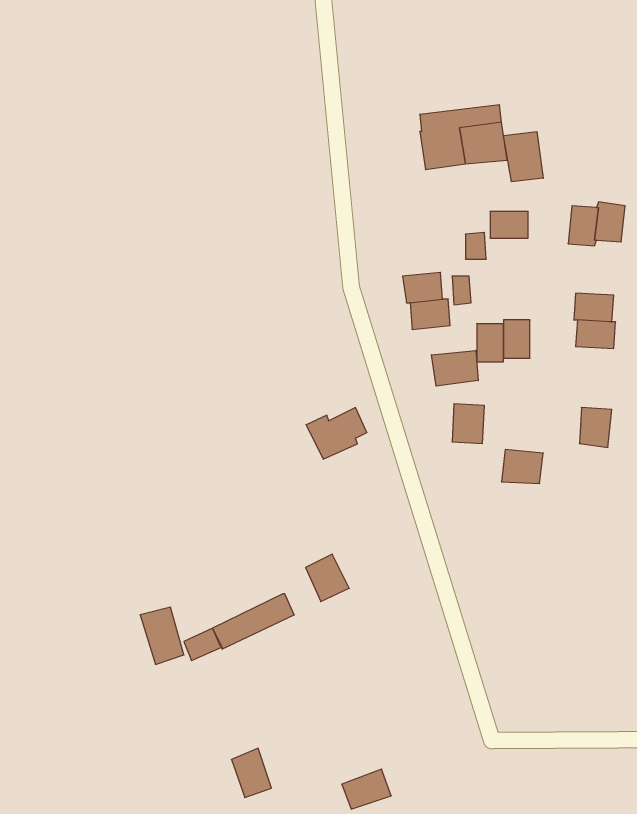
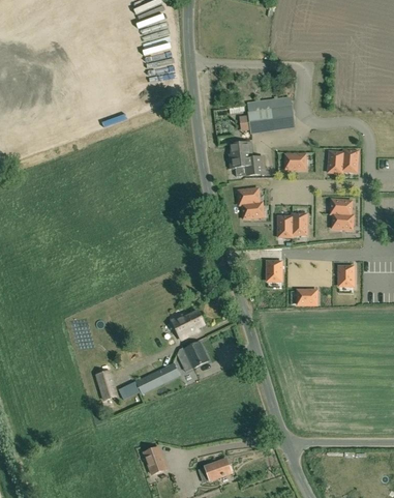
building: [504,132,543,182] -> none
building: none -> [230,142,254,176]
building: [432,350,478,386] -> none
building: [306,408,367,459] -> [172,312,205,340]

